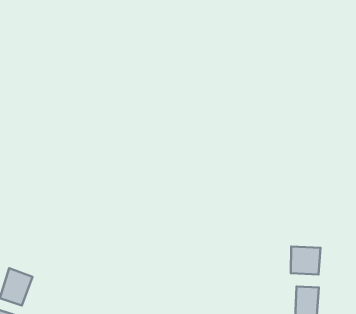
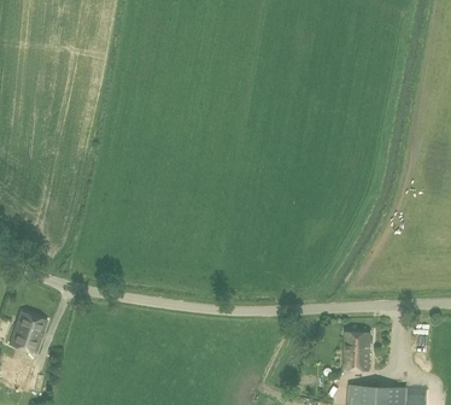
building: [291,246,320,274] -> none

